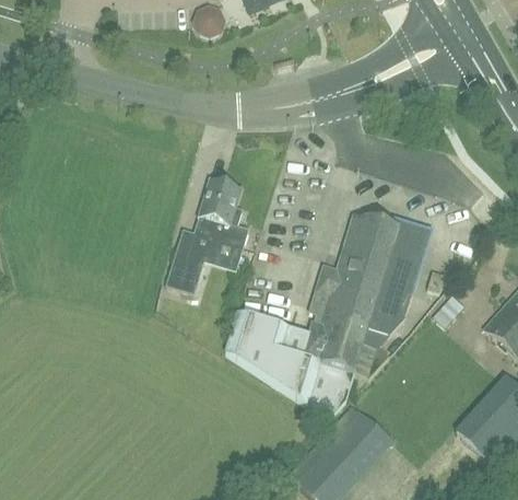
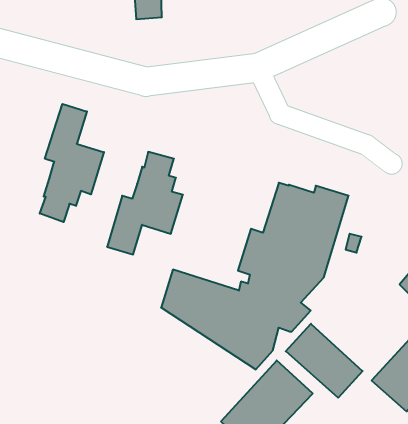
building: none -> [40,104,104,222]
building: none -> [286,324,363,398]

